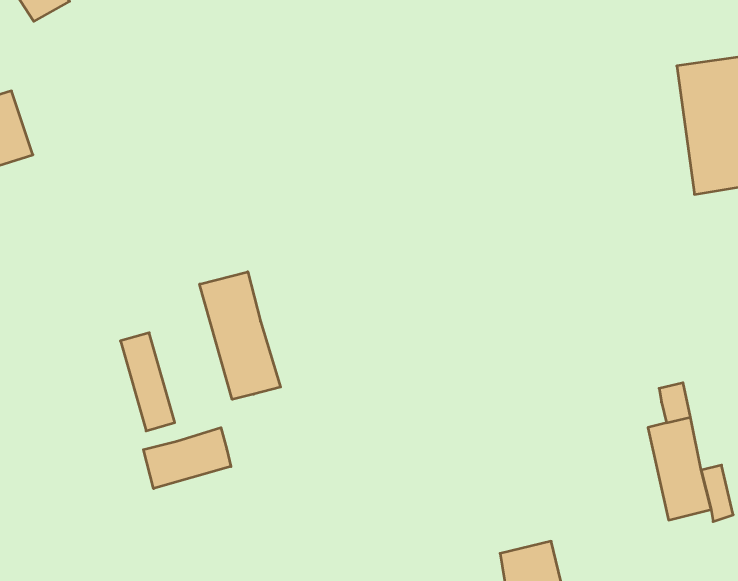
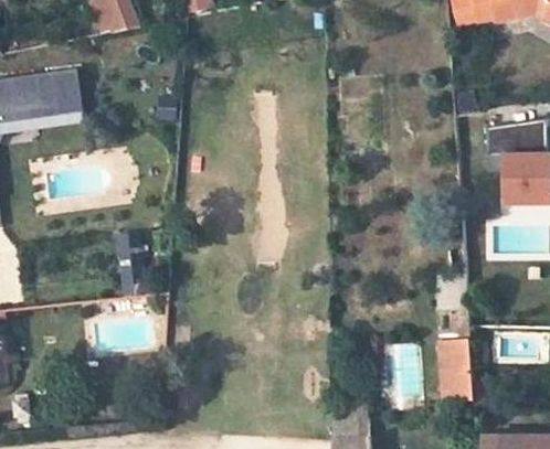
building: [200,272,281,399] -> none
building: [143,428,231,489] -> none

